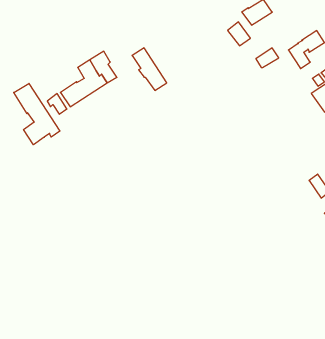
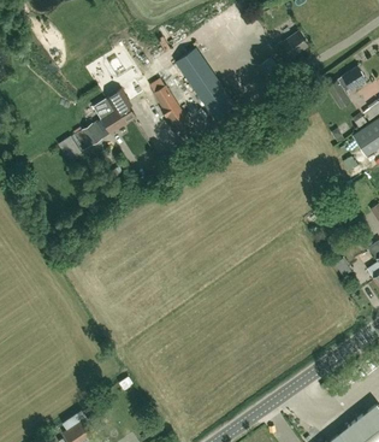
building: none -> [174,48,236,122]
building: [14,83,60,145] -> none

